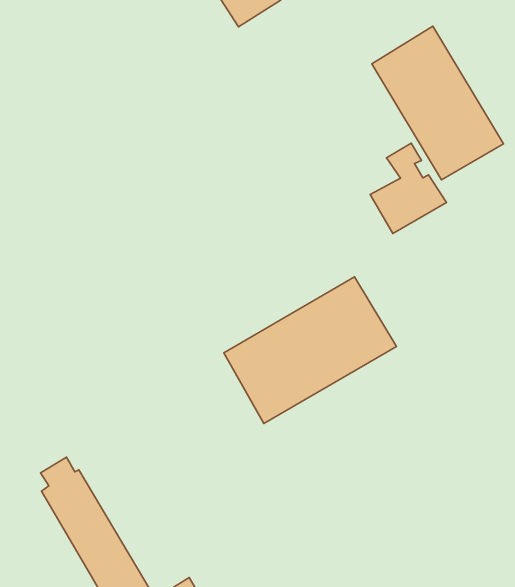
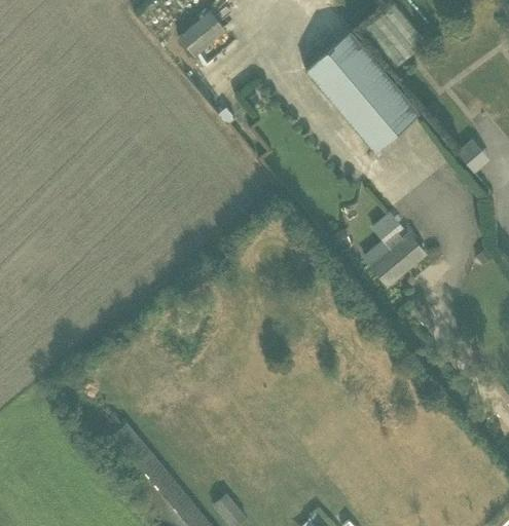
building: [370,143,446,233] -> [366,213,427,286]
building: [224,277,396,423] -> none

